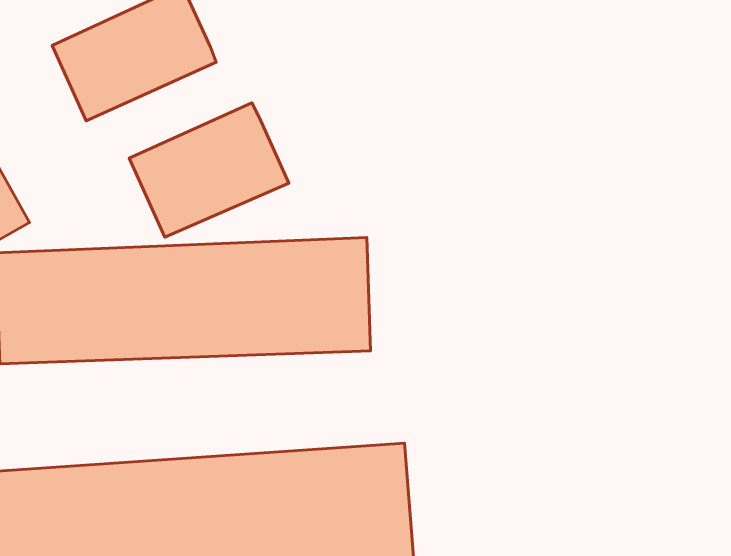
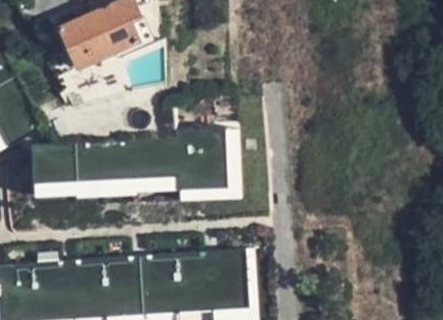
building: [129,103,289,237] -> none

